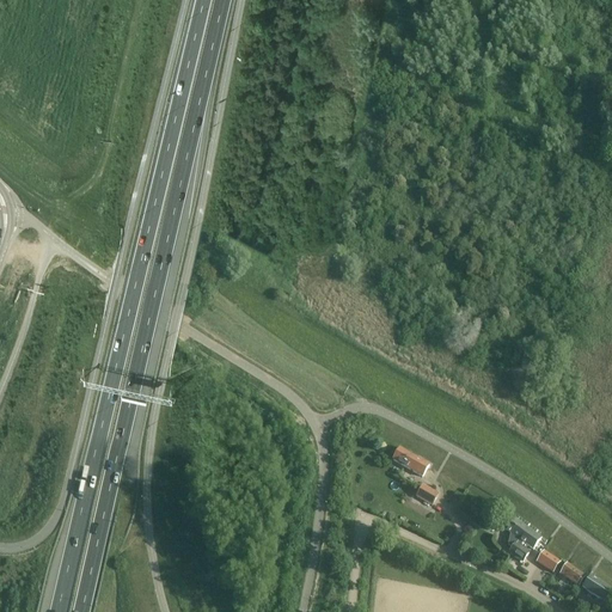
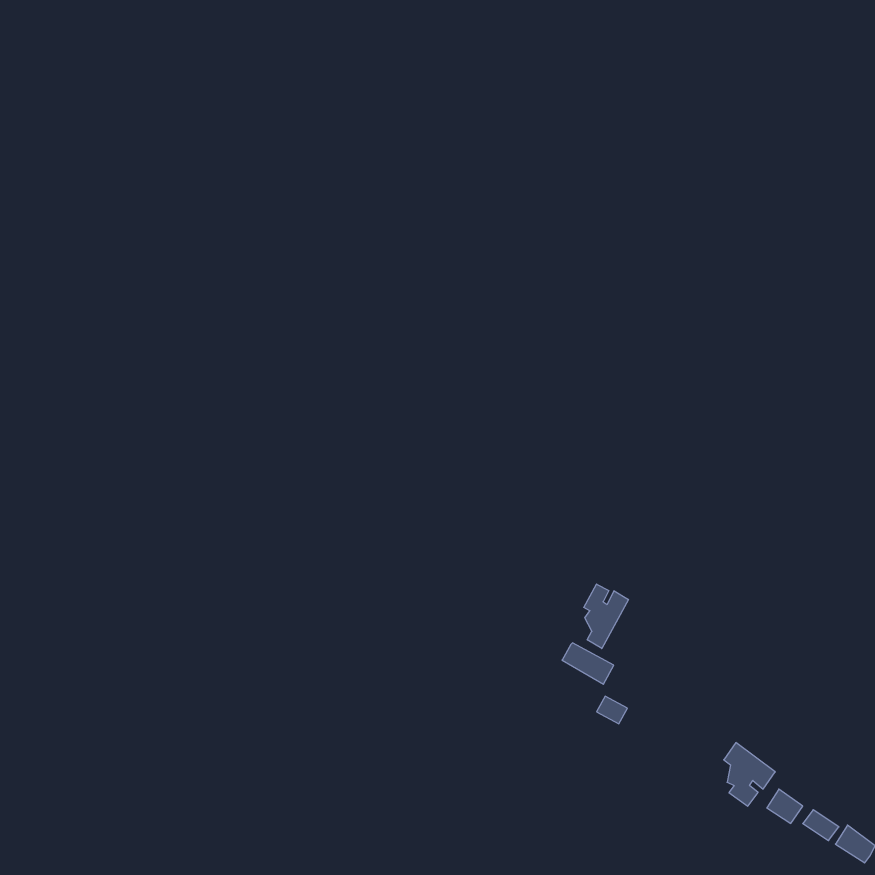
building: none -> [584,584,628,649]

